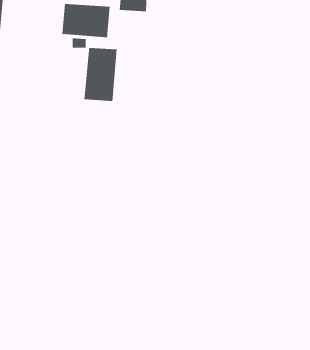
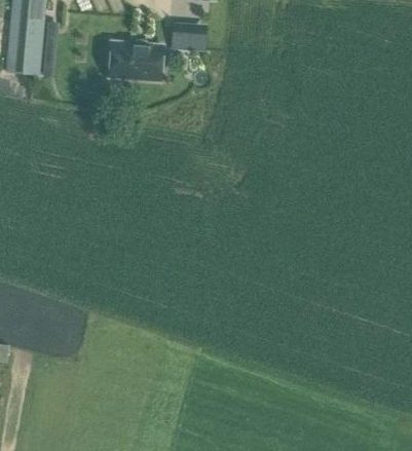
building: [84,47,117,102] -> none

